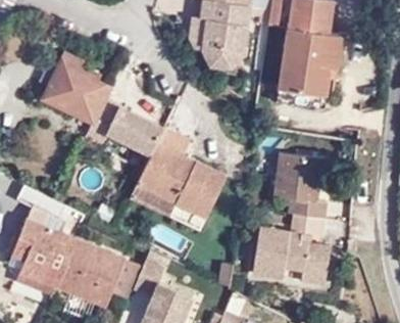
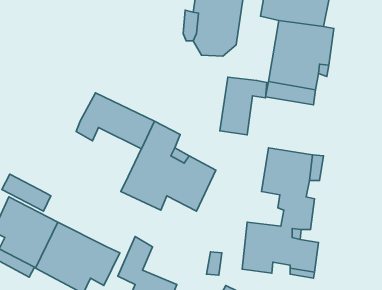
building: [43,58,107,129] -> none
building: none -> [220,77,267,135]

